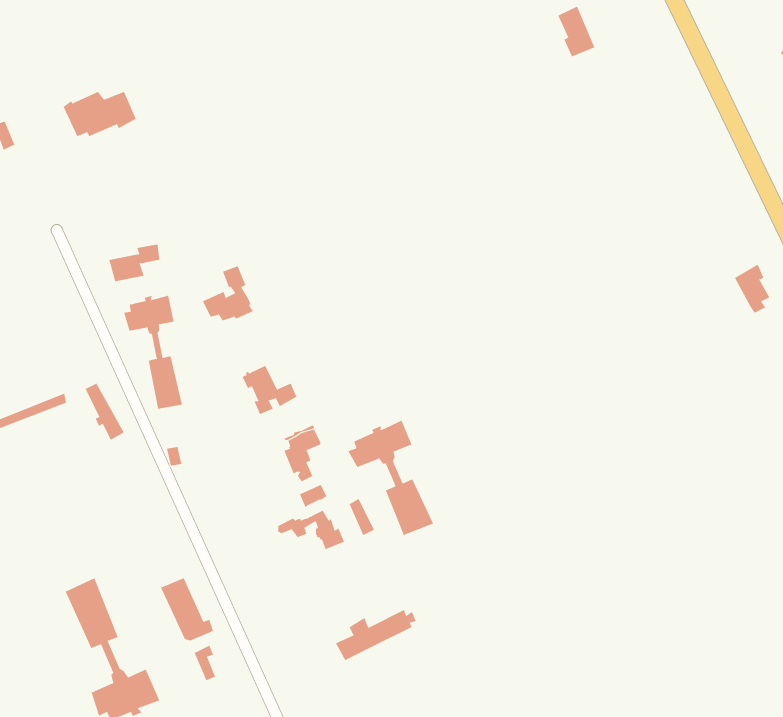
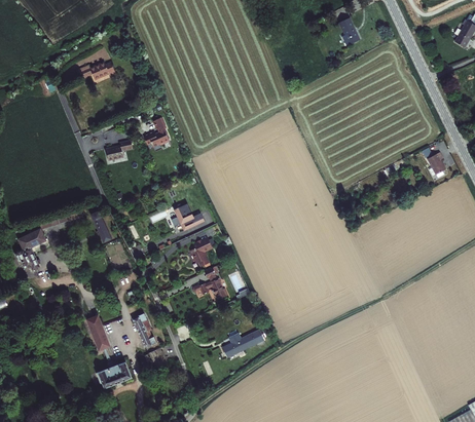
building: [202,265,254,321] -> [142,118,169,147]
building: [123,295,182,409] -> none
building: [348,420,434,536] -> none

